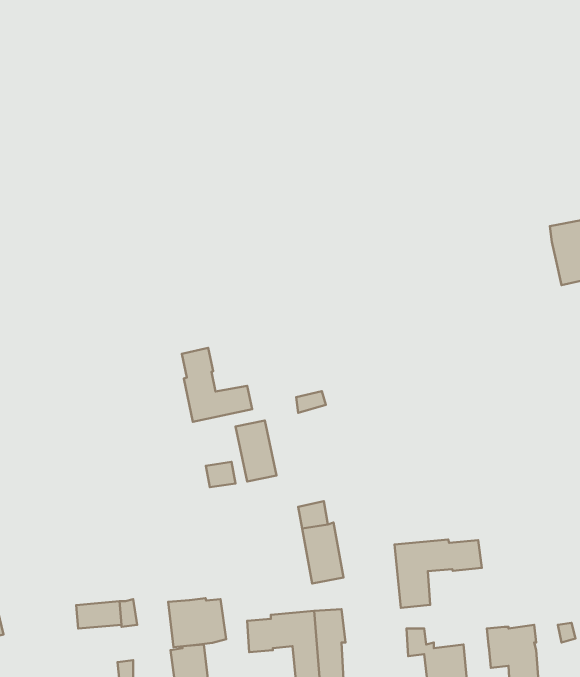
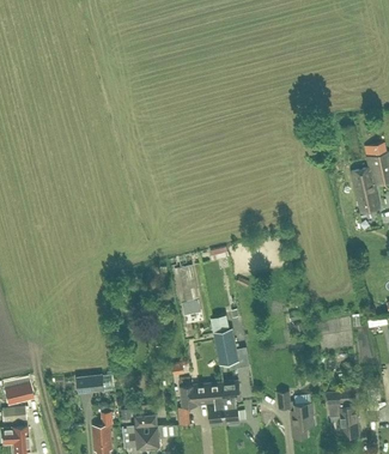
building: none -> [351,168,378,212]
building: [182,348,252,422] -> none
building: [395,540,482,608] -> none
building: [168,598,226,647] -> none

